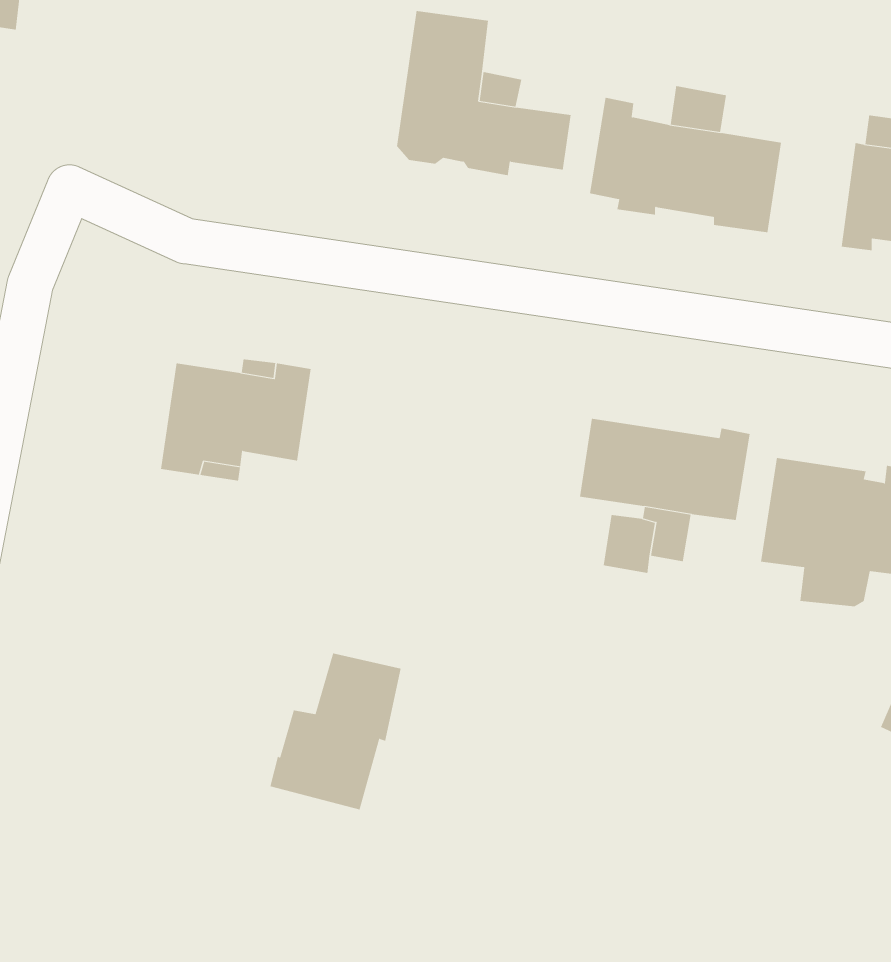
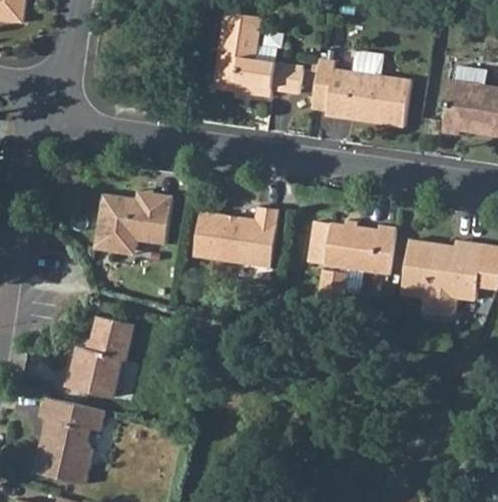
building: none -> [194,207,280,267]
building: [270,653,401,810] -> [65,316,132,396]
building: none -> [32,396,102,483]

